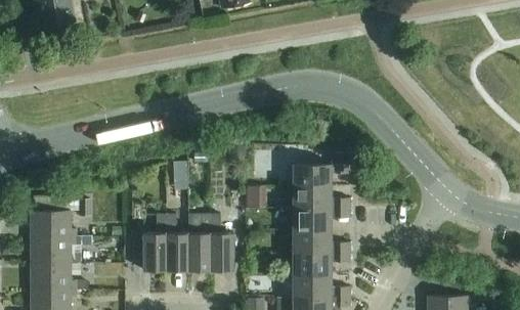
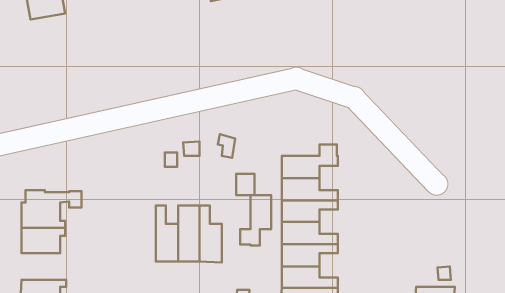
building: none -> [240,195,271,246]
building: [133,214,166,270] -> none
building: [31,262,76,289] -> none

